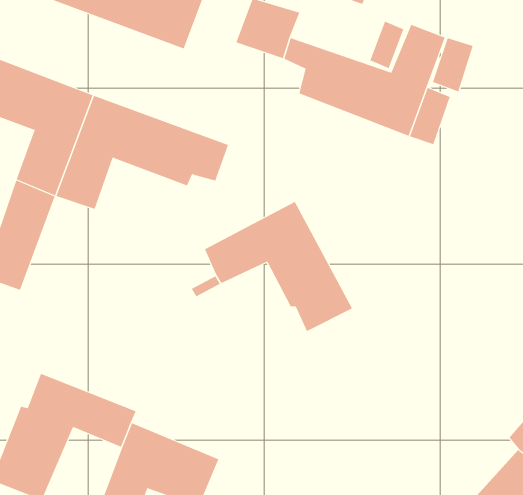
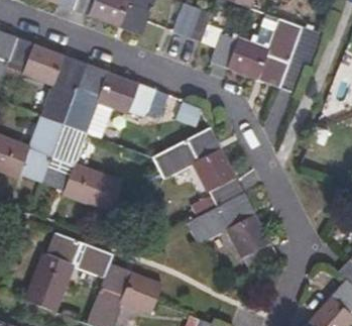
building: none -> [41,124,121,212]
building: none -> [187,193,277,271]

